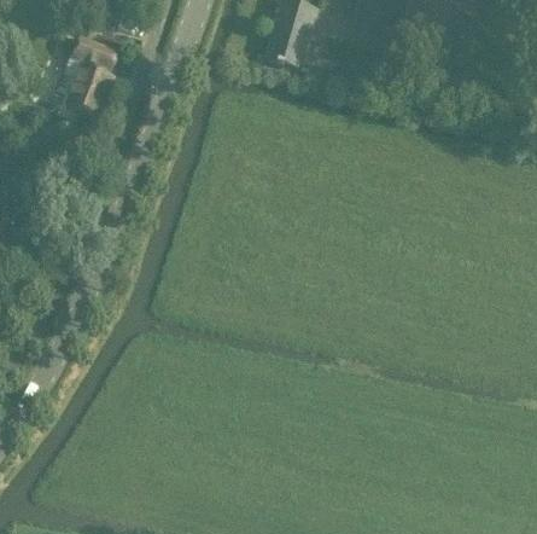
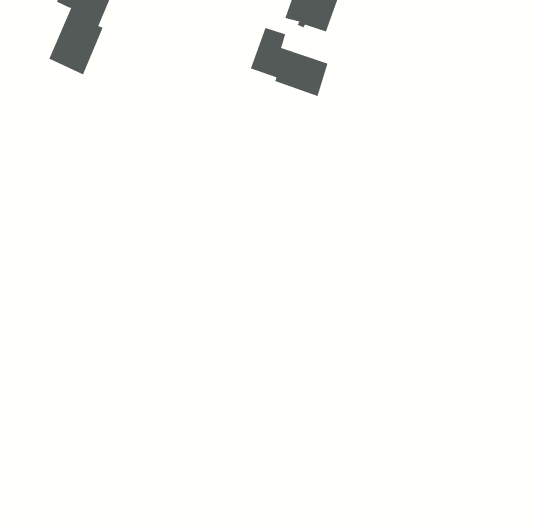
building: none -> [250,27,328,97]

